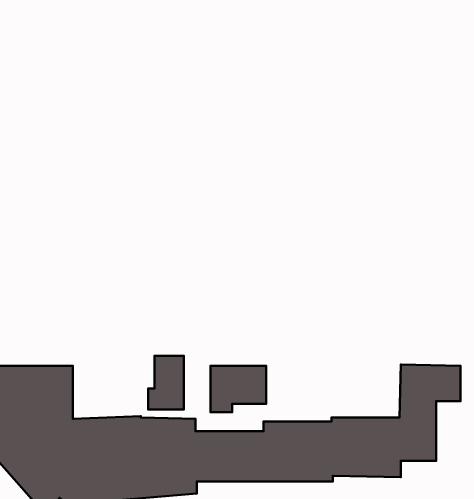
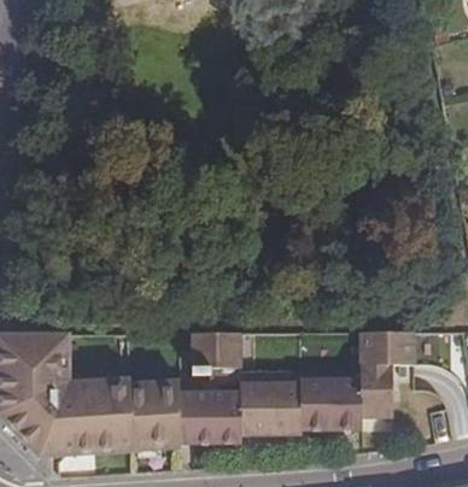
building: [148,356,184,409] -> none

